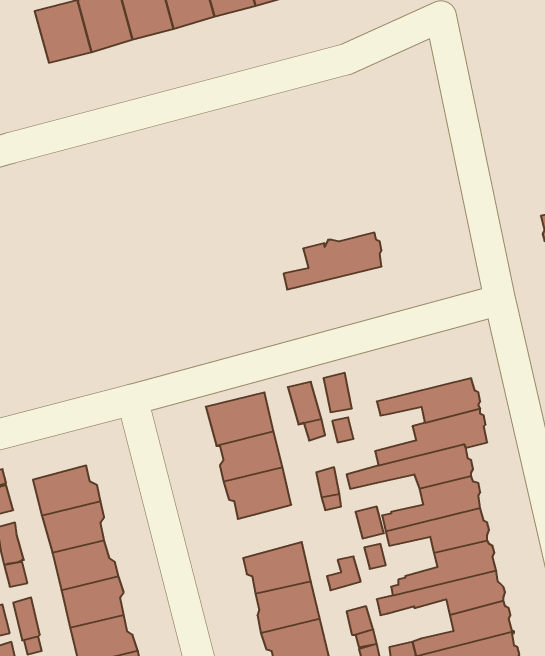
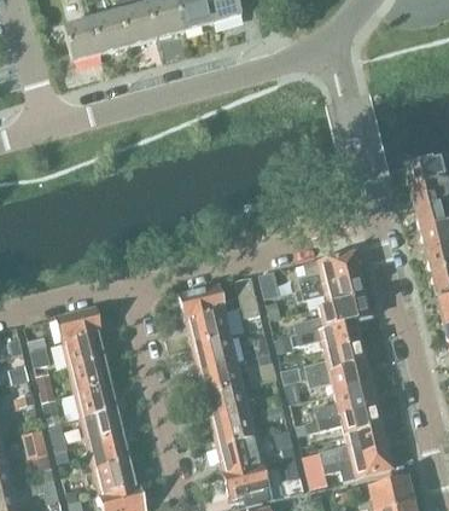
building: [284,233,382,290] -> [292,251,358,290]
building: none -> [56,307,101,343]
building: none -> [200,360,244,396]

